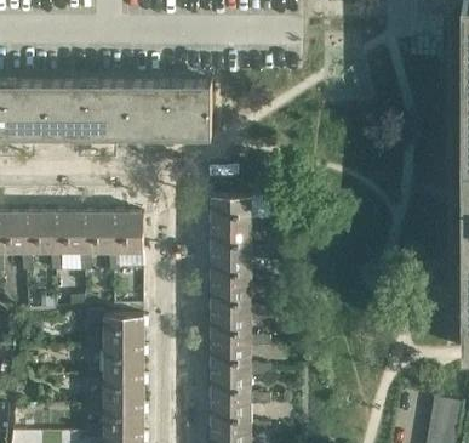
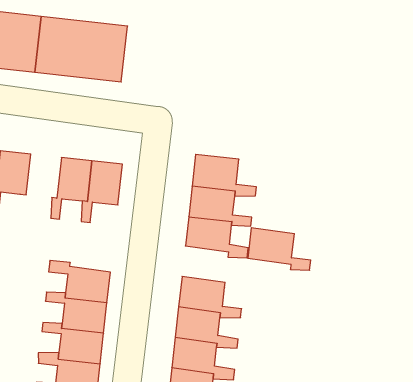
building: [132,84,211,137] -> none
building: [48,215,84,273] -> none
building: [210,285,269,320] -> [248,228,311,270]

